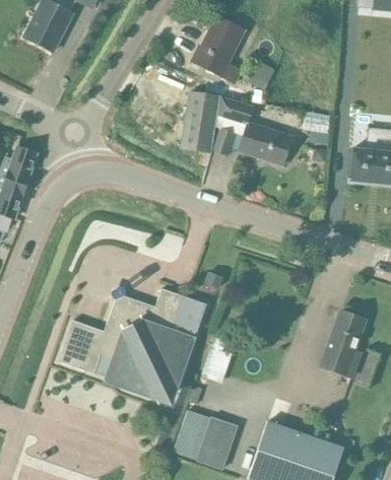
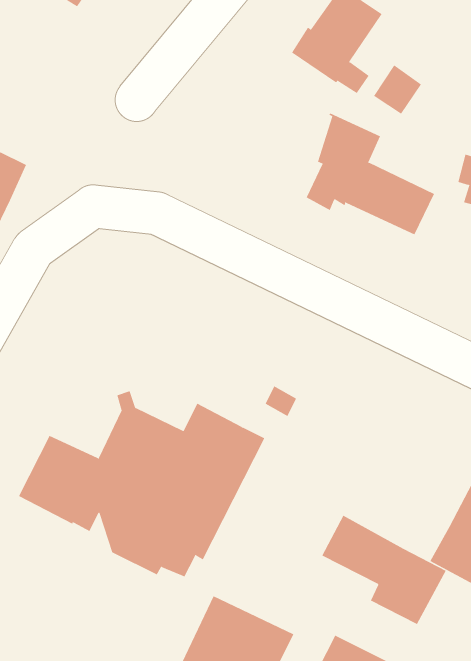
building: [184,93,221,153] -> none
building: none -> [321,515,447,625]

